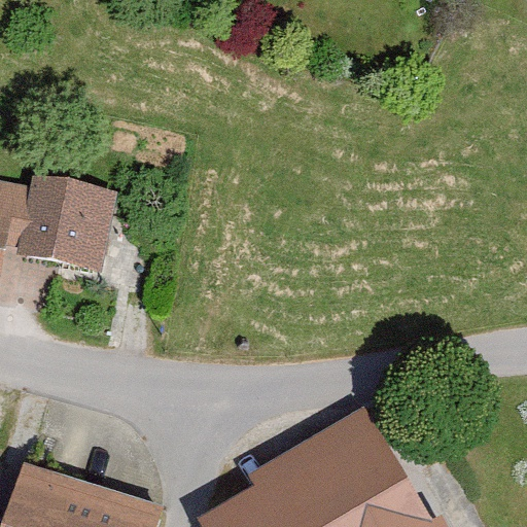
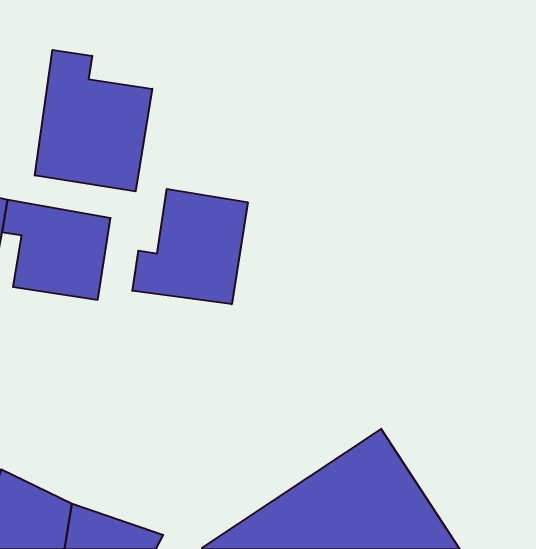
building: none -> [35,50,152,191]
building: none -> [132,189,248,304]

